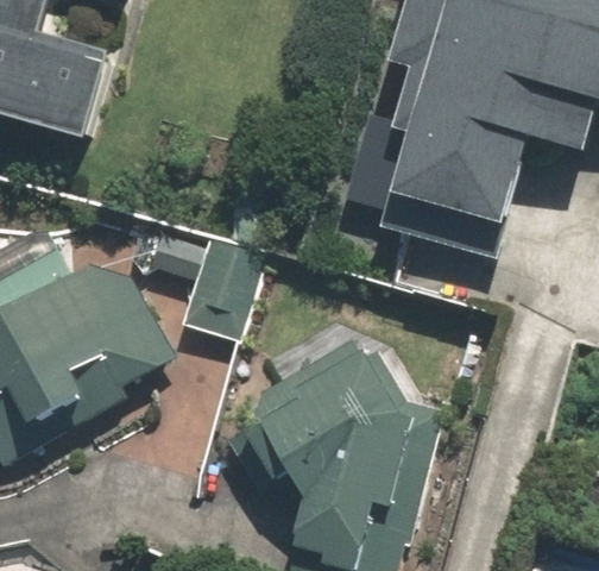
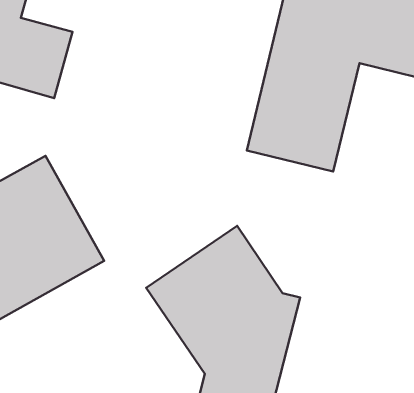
building: [145,231,266,351] -> none

